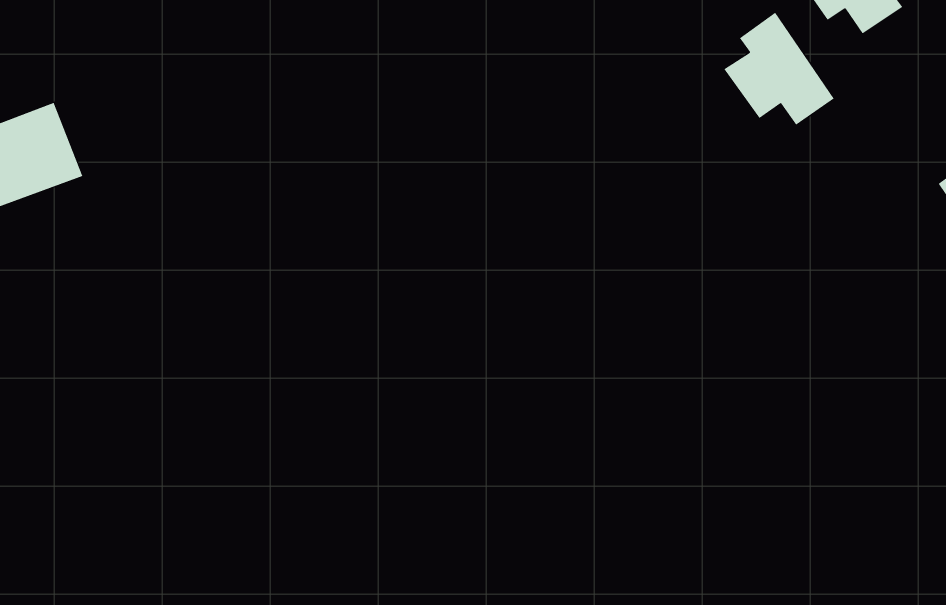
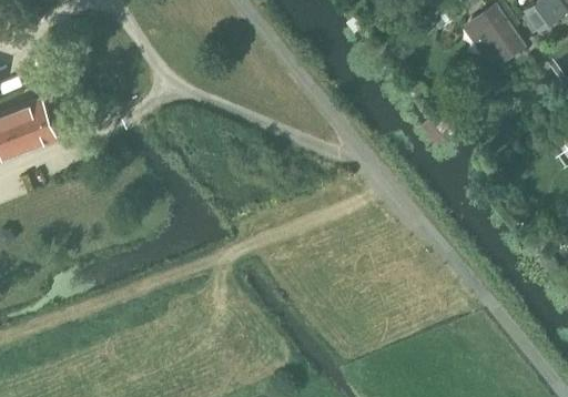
building: [724,12,834,125] -> none

